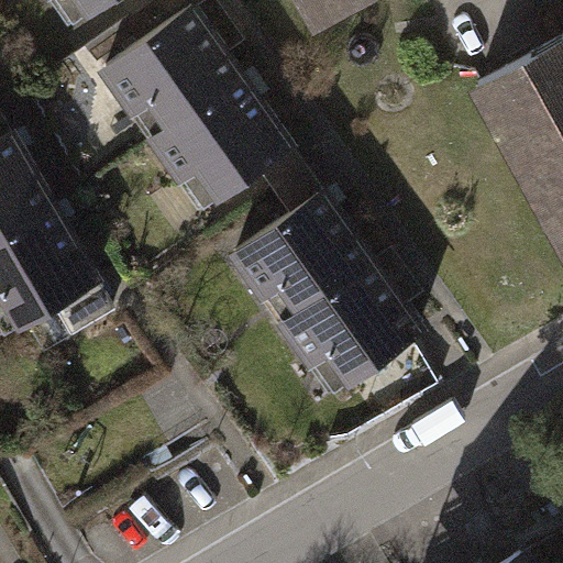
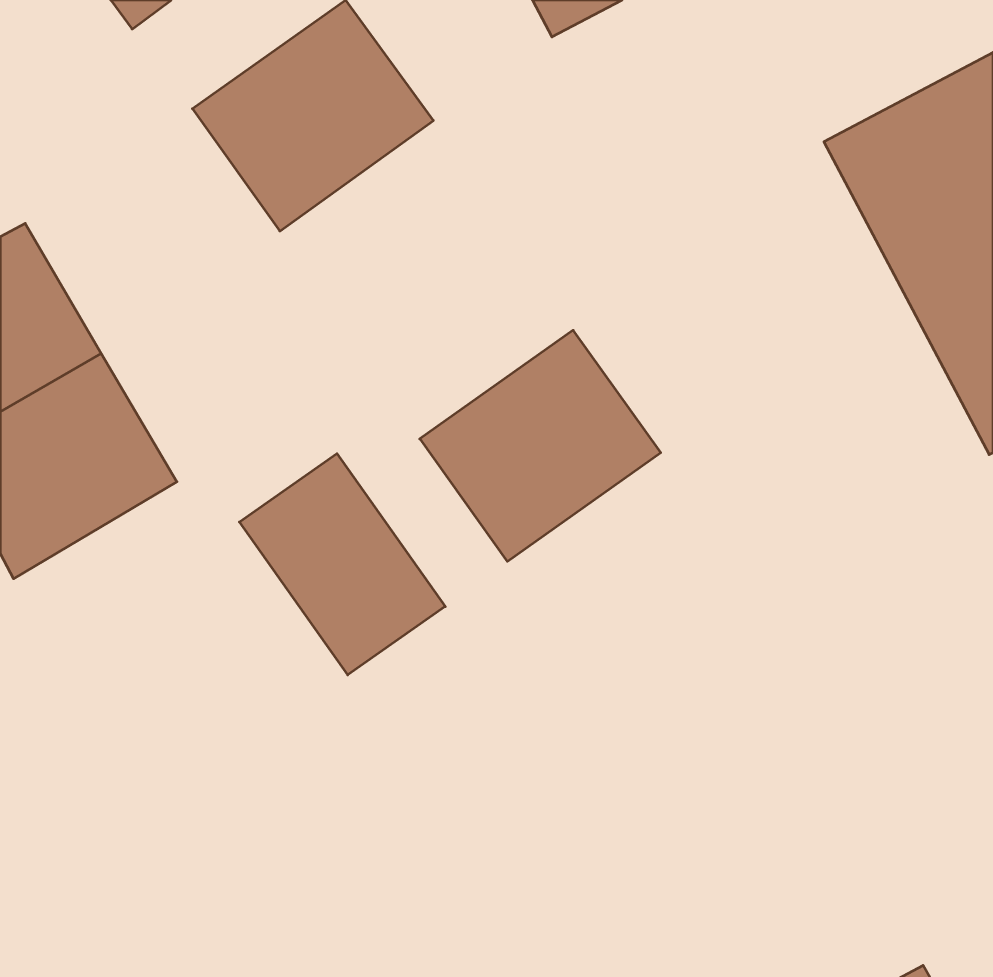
building: [158,77,295,209] -> none
building: [287,265,423,396] -> none
building: none -> [239,454,445,675]

